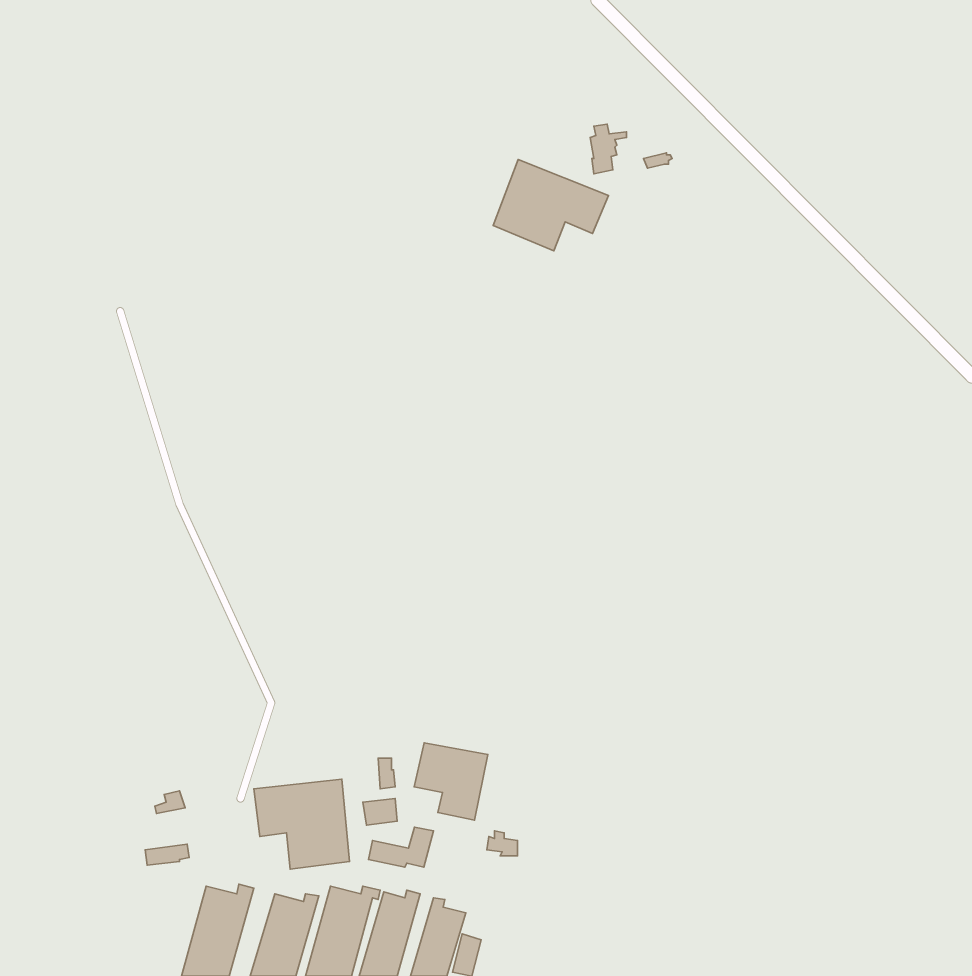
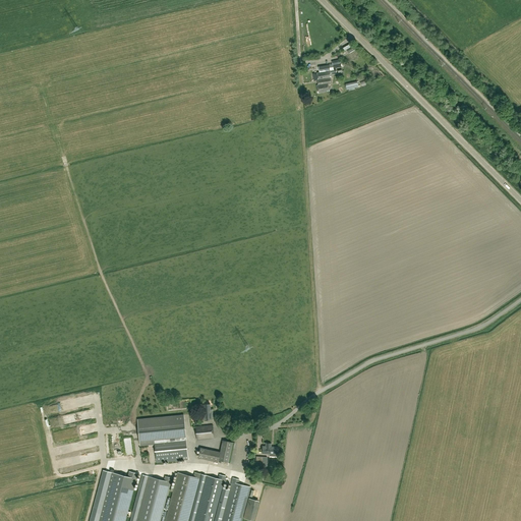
building: [493,159,608,251] -> none
building: [414,743,488,820] -> none

